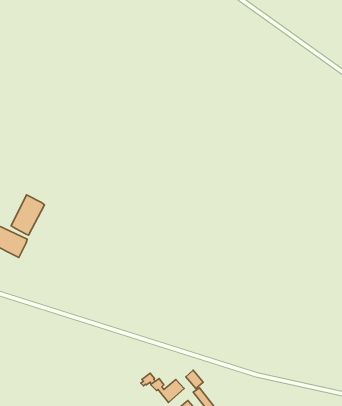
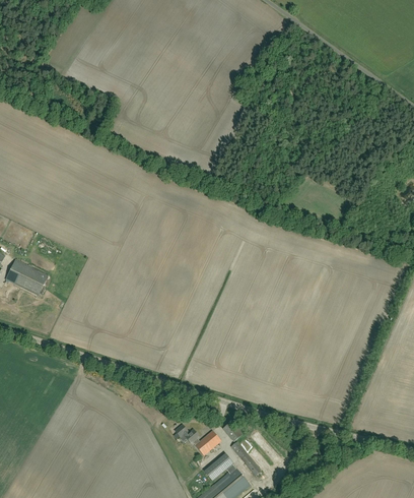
building: [11,195,45,235] -> none

